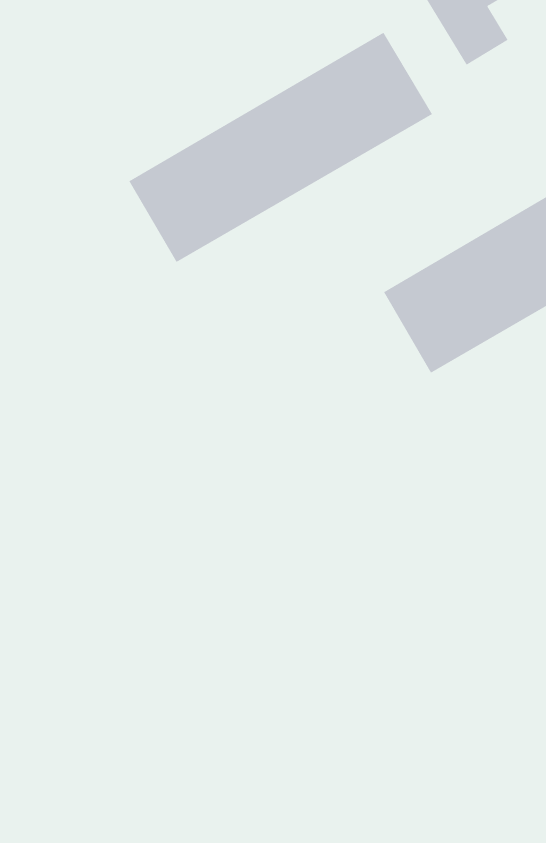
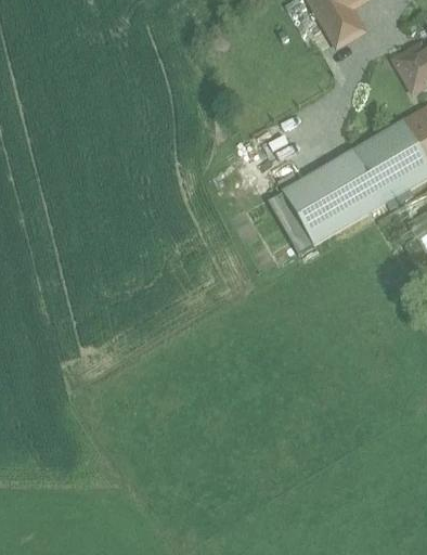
building: [129,32,433,263] -> none

